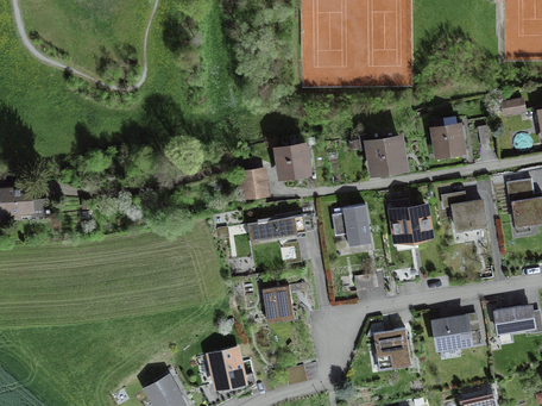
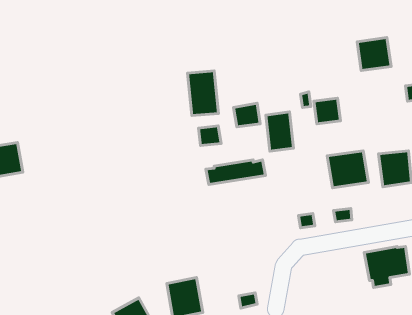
building: none -> [187,71,219,116]
building: [427,121,466,160] -> [357,38,391,71]
building: [336,204,368,249] -> [266,112,294,151]
building: [257,285,292,321] -> none
building: [370,327,411,374] -> none

